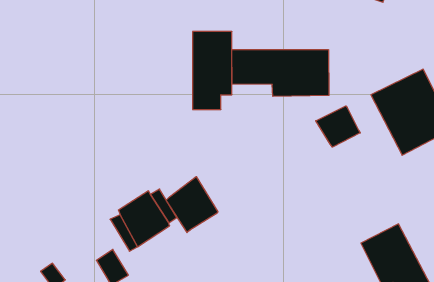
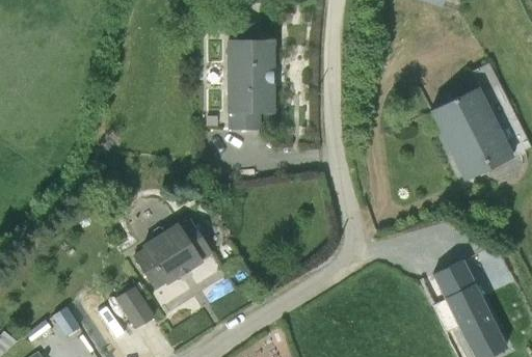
building: [232,50,329,96] -> none
building: [316,106,360,147] -> none
building: [166,177,218,233] -> none

